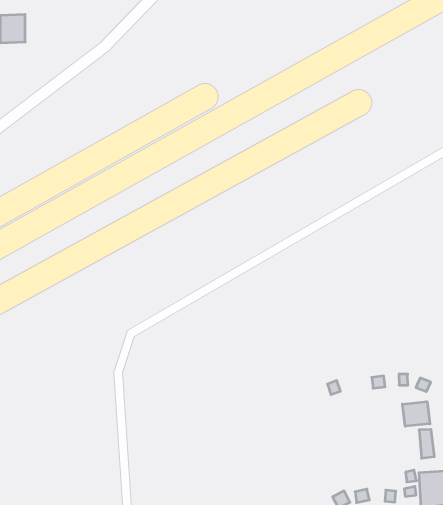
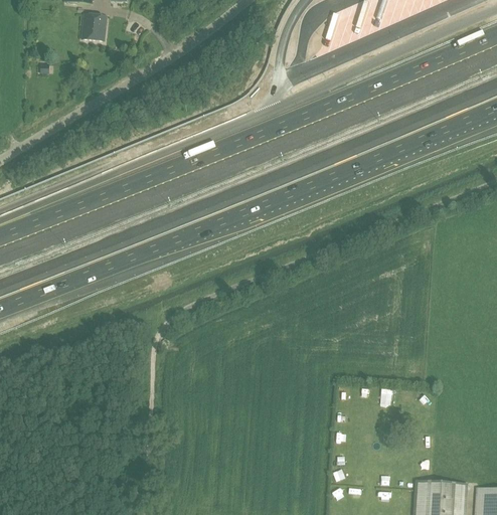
building: [402,402,430,426] -> none

